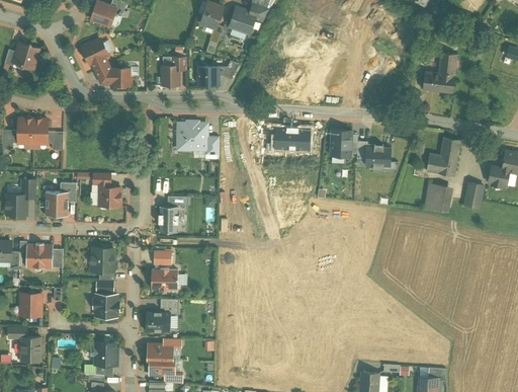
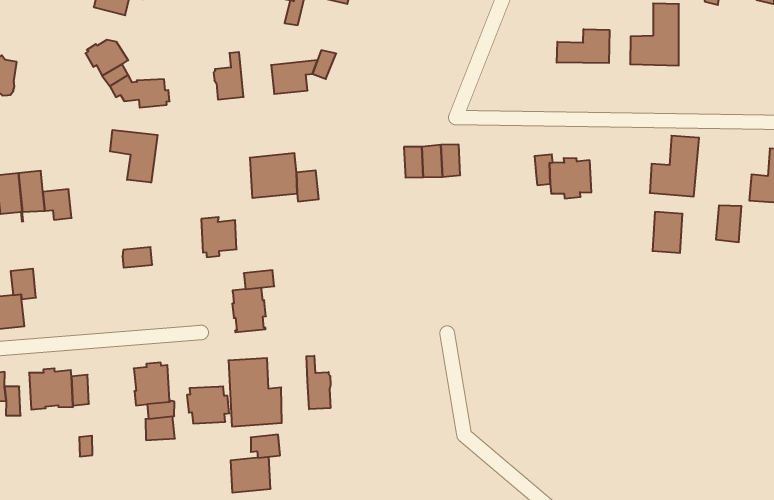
building: none -> [557,29,609,63]
building: none -> [110,130,158,183]
building: [330,130,351,156] -> none
building: [45,182,68,216] -> none
building: [98,184,120,209] -> [201,217,237,257]
building: none -> [306,356,331,409]
building: [20,293,40,315] -> none
building: [93,294,118,317] -> [187,386,229,423]

